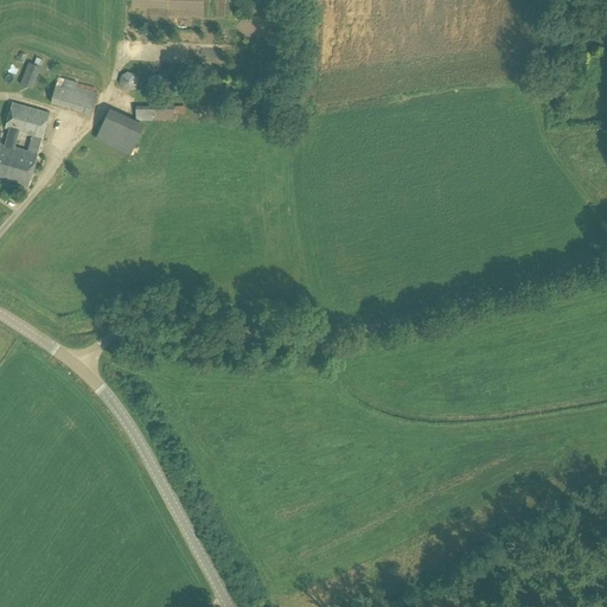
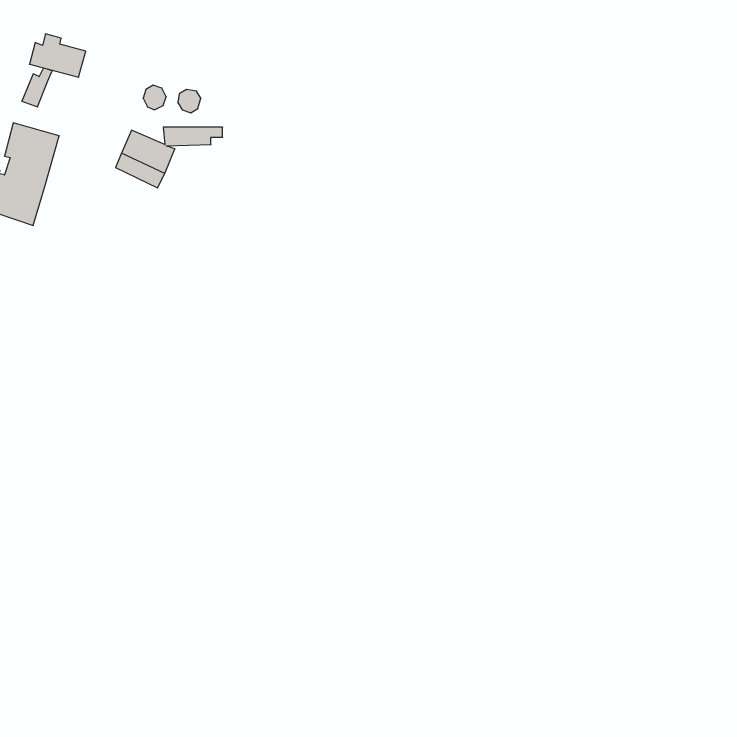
building: [50,77,96,113] -> [29,34,86,77]

